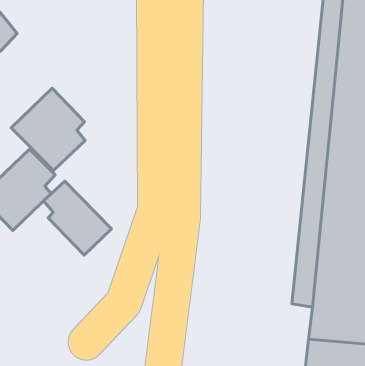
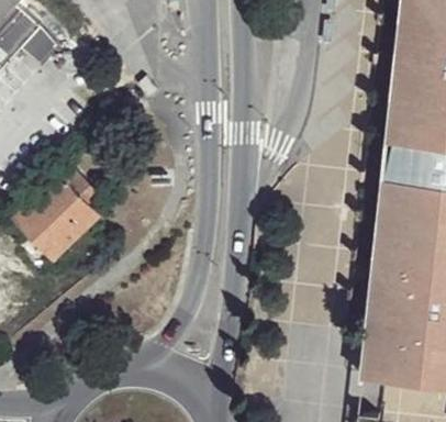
building: [11,88,85,171] -> none
building: [43,181,111,255] -> none

